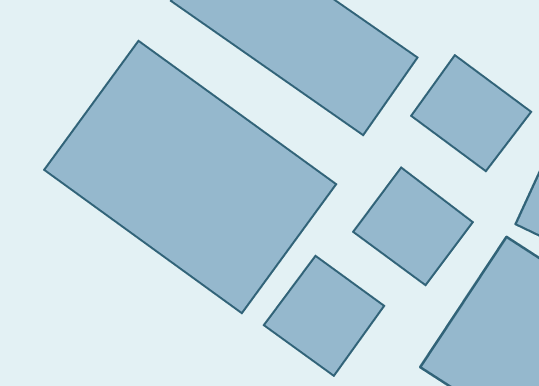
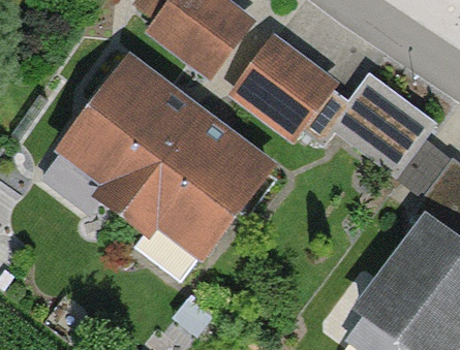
building: [353,168,473,285] -> none
building: [264,256,384,376] -> none

